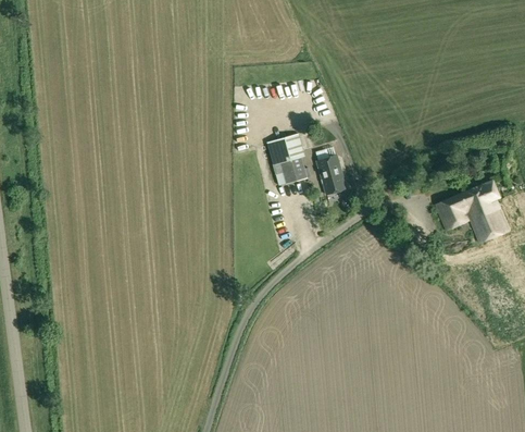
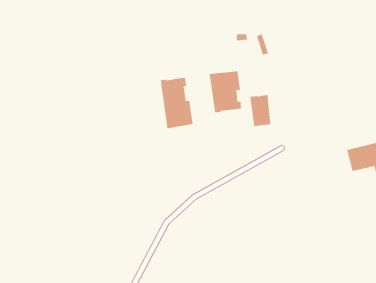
building: none -> [160,77,193,129]

